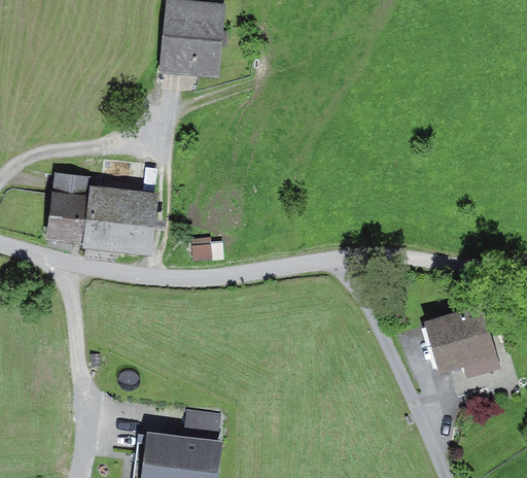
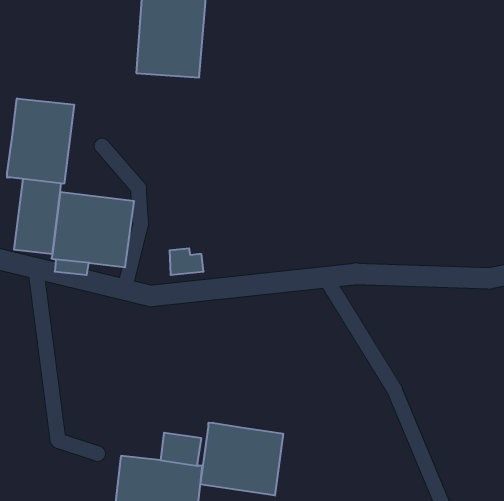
building: none -> [7,98,74,184]
building: [424,305,499,377] -> none
building: none -> [200,423,283,496]

